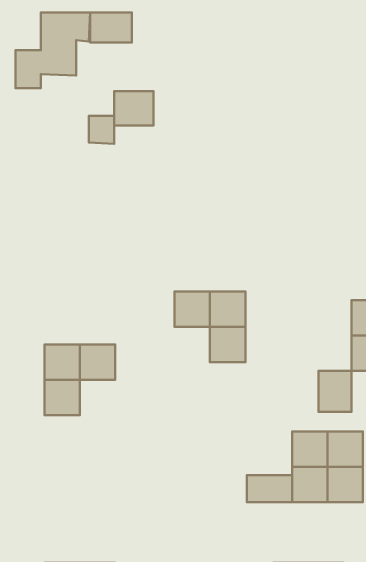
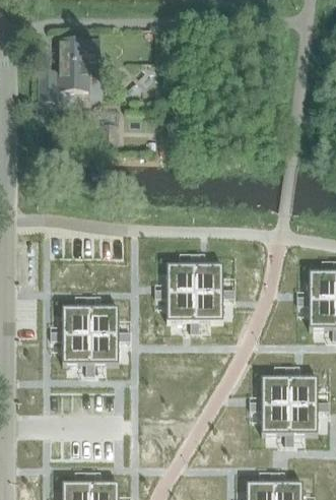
building: [90,12,132,43] -> none
building: [114,91,154,125] -> none
building: none -> [164,293,193,321]
building: [318,371,352,412] -> none
building: none -> [88,335,117,364]
building: [247,475,292,502] -> none

